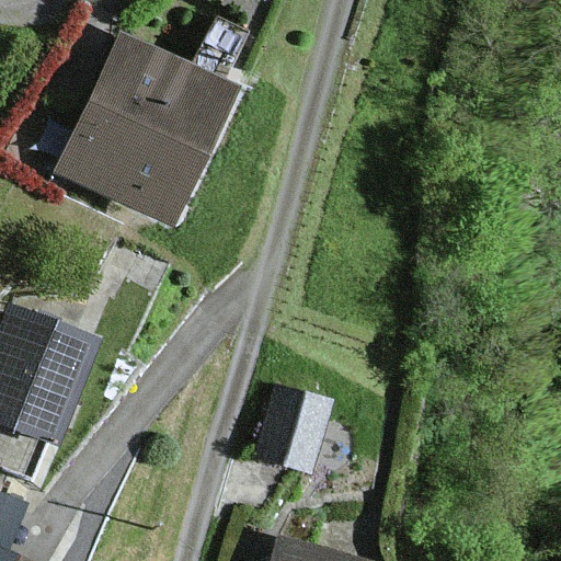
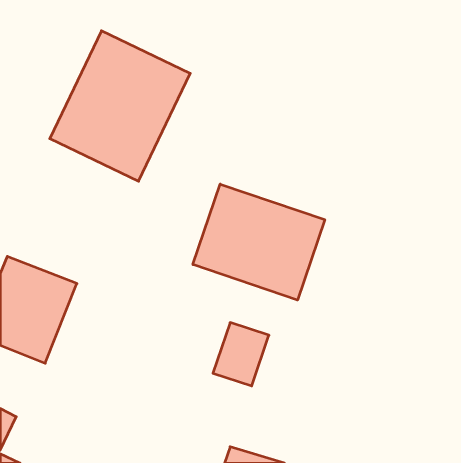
building: none -> [193,184,325,300]

